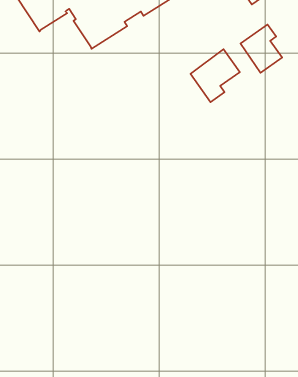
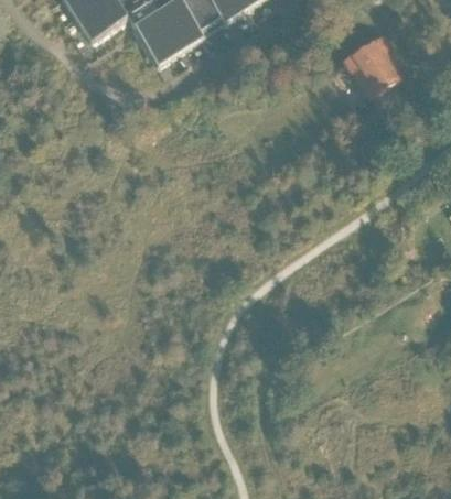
building: [190,49,240,102] -> none

